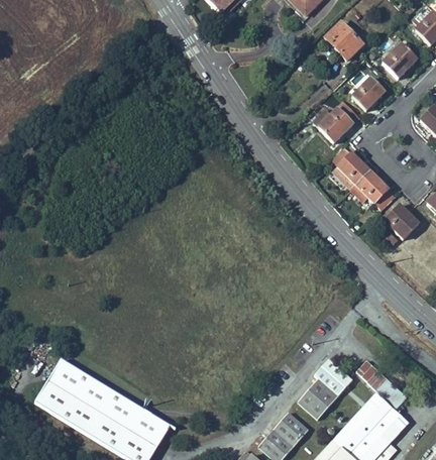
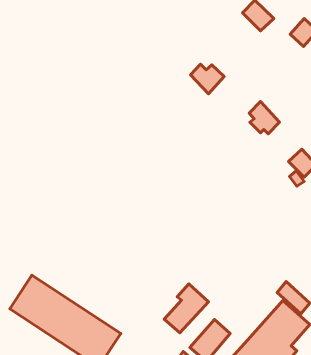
building: [351,76,386,110] -> none
building: [311,108,352,144] -> [191,64,224,94]
building: [350,171,397,213] -> none
building: [300,360,354,421] -> [164,284,209,333]

